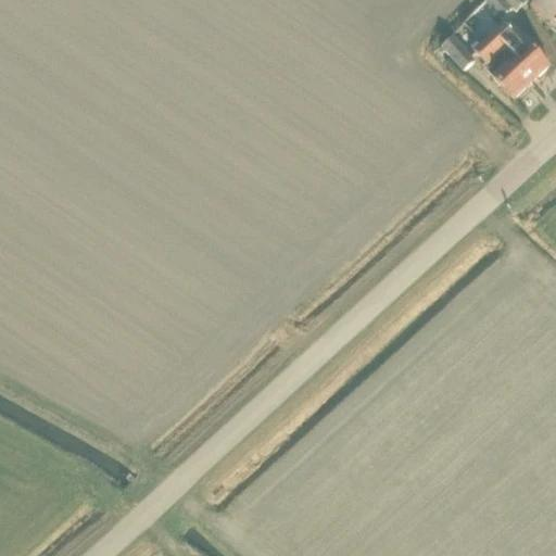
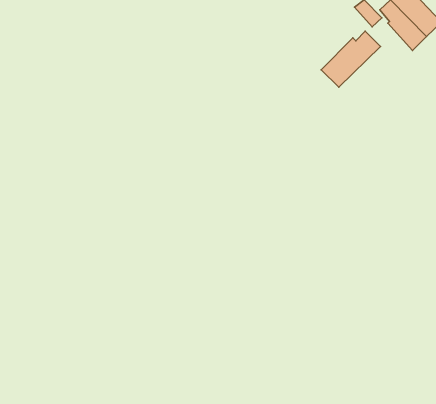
building: none -> [321,31,381,87]

